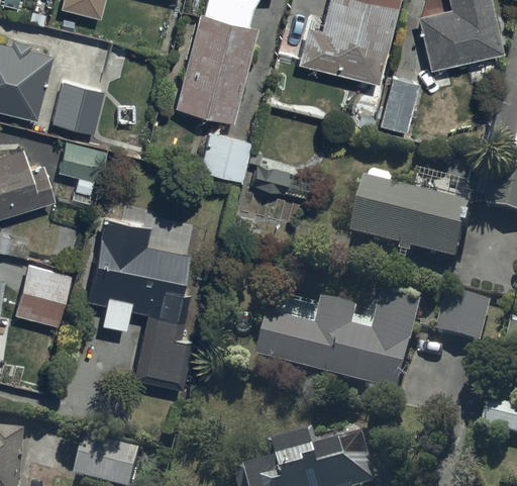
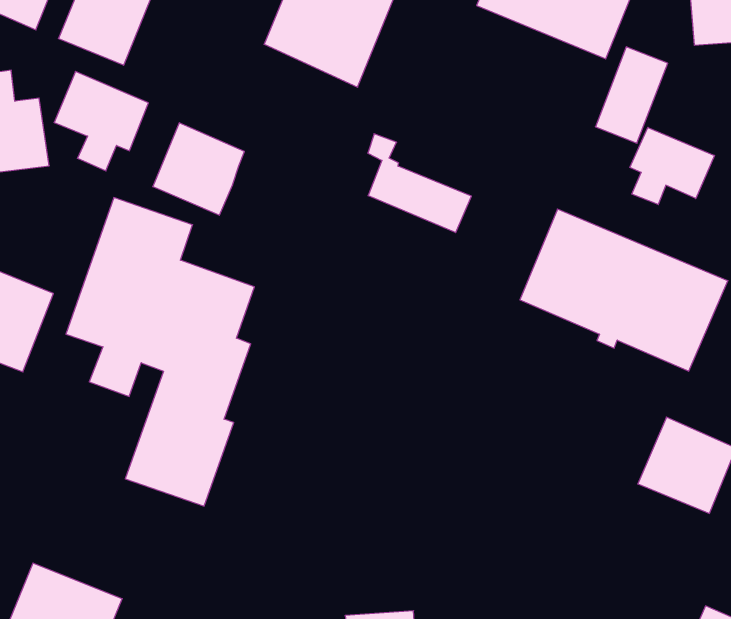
building: none -> [630,127,714,205]
building: [199,128,250,180] -> [153,123,244,215]
building: [258,293,422,392] -> none

